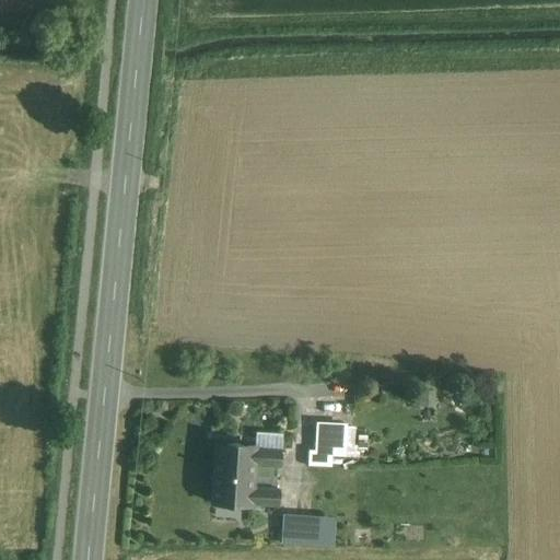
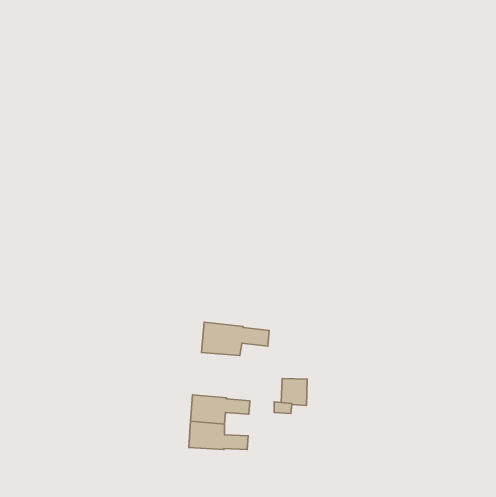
building: none -> [202,322,269,355]
building: [284,518,324,541] -> none

